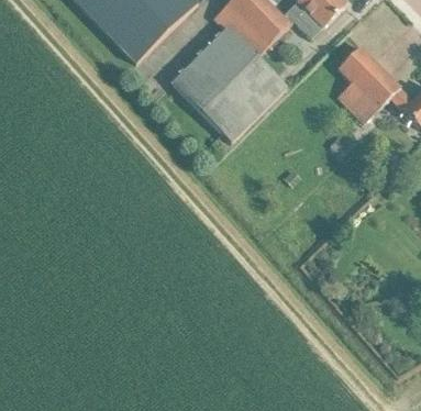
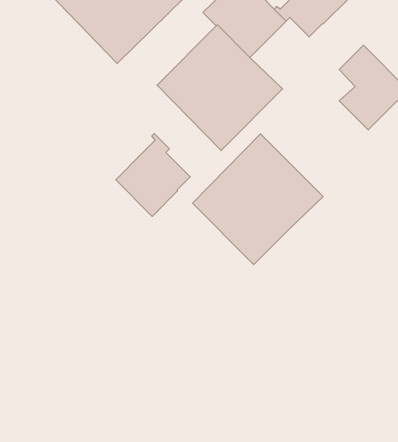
building: none -> [116,133,190,216]
building: none -> [193,134,323,265]

